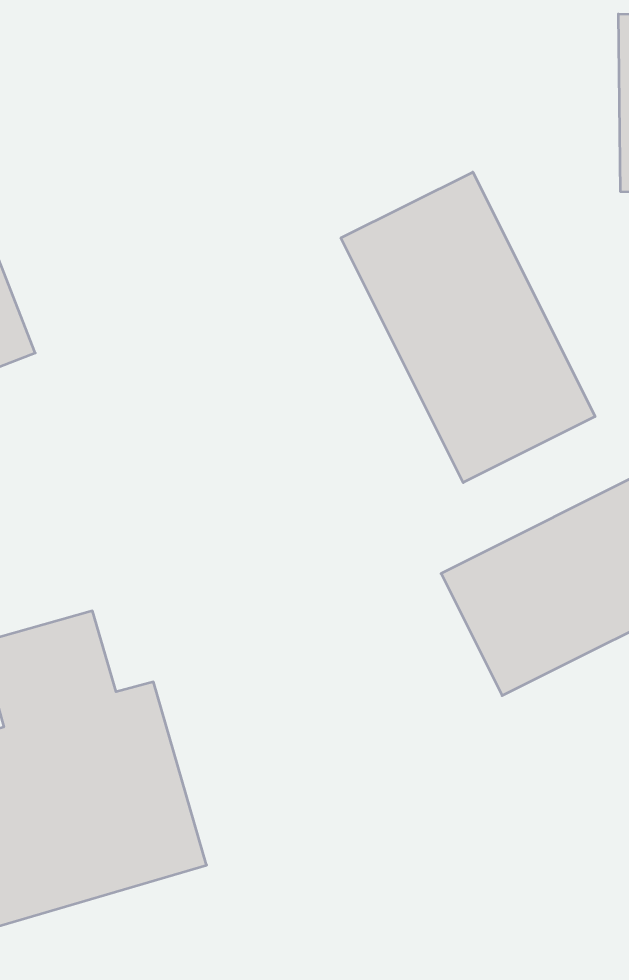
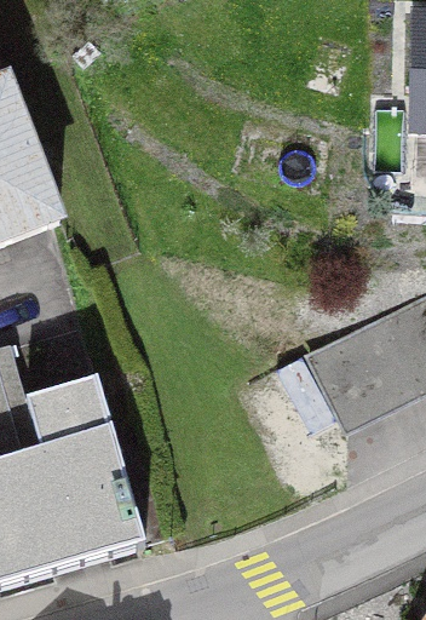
building: [341,172,595,483] -> none

